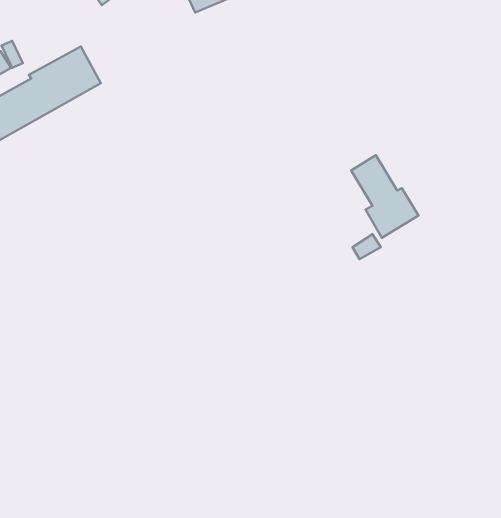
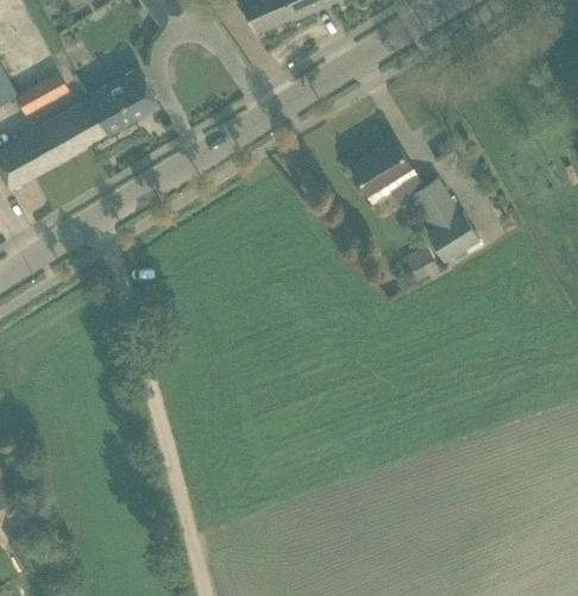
building: none -> [351,140,415,202]

